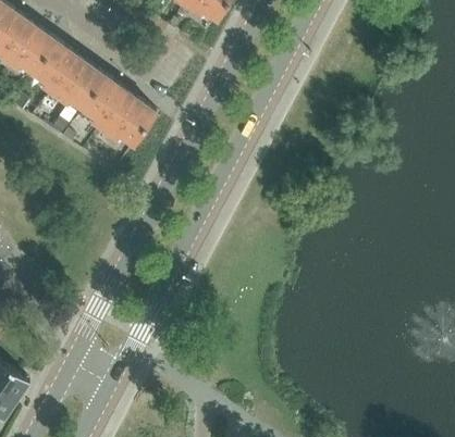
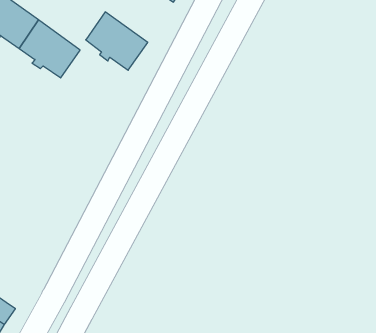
building: [82,77,155,146] -> [86,12,148,70]

